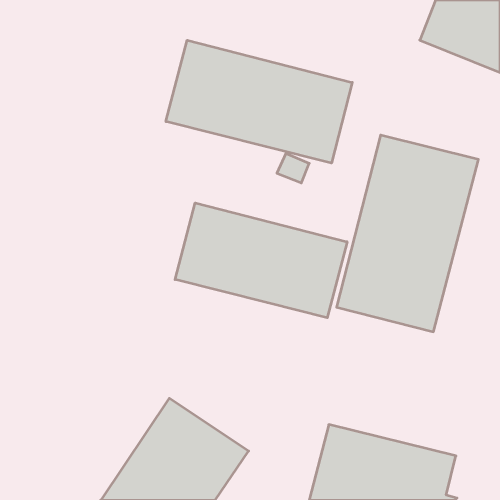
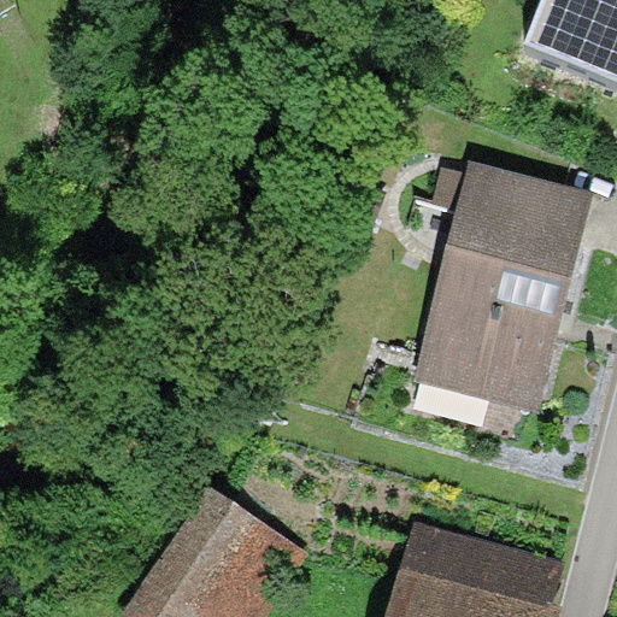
building: [166,40,352,163] -> none
building: [175,203,347,318] -> none

